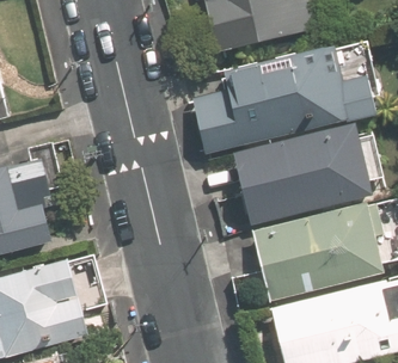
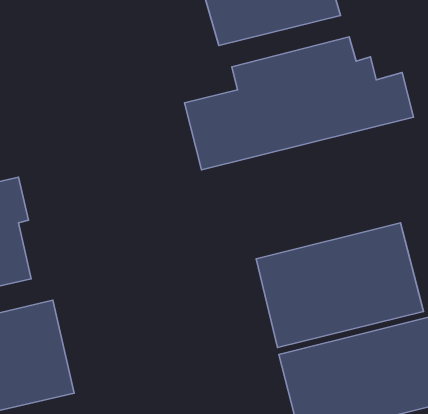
building: [231,119,374,223] -> none

